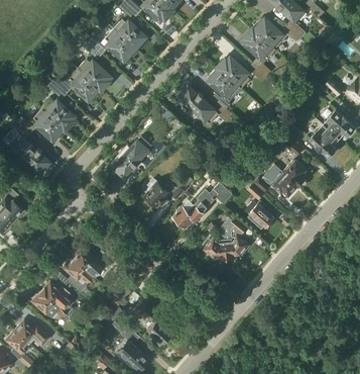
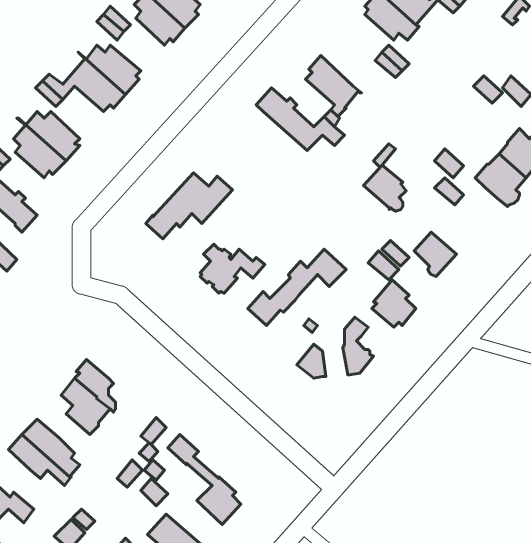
building: [218,57,249,89] -> none
building: [283,160,309,187] -> [364,165,406,211]
building: [219,216,238,260] -> none

